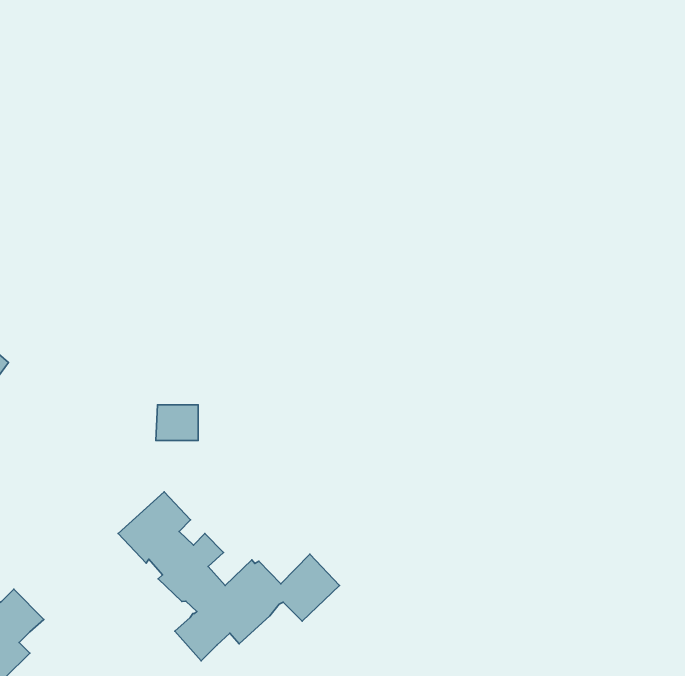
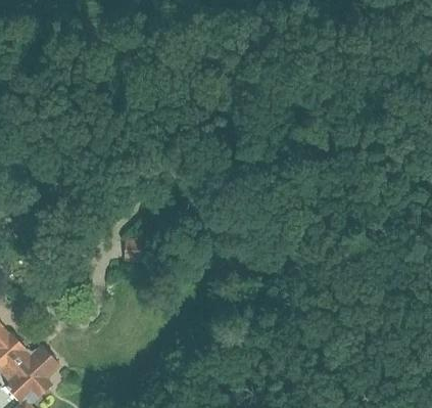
building: [118,492,340,661] -> none

